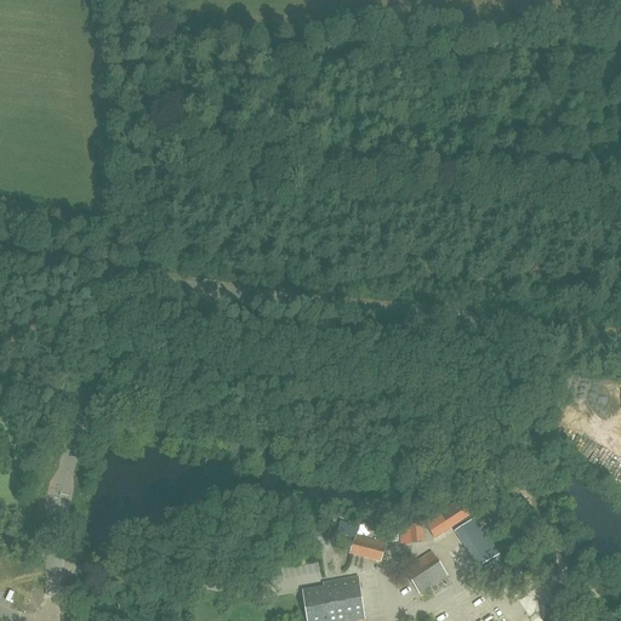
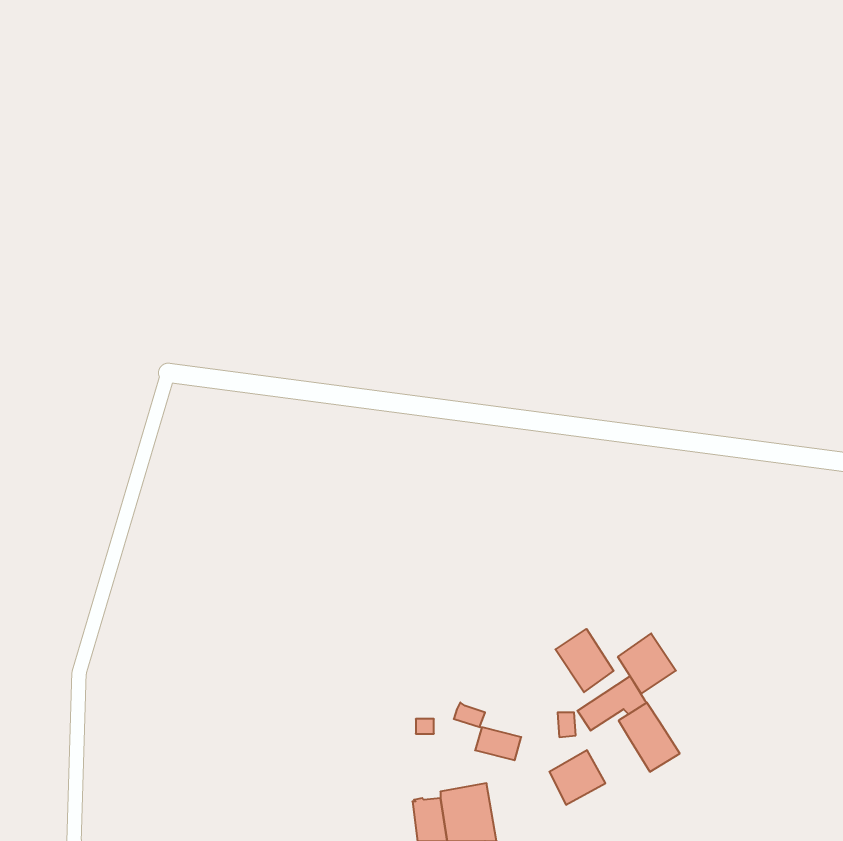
building: none -> [555,629,614,692]
building: none -> [618,633,676,693]

